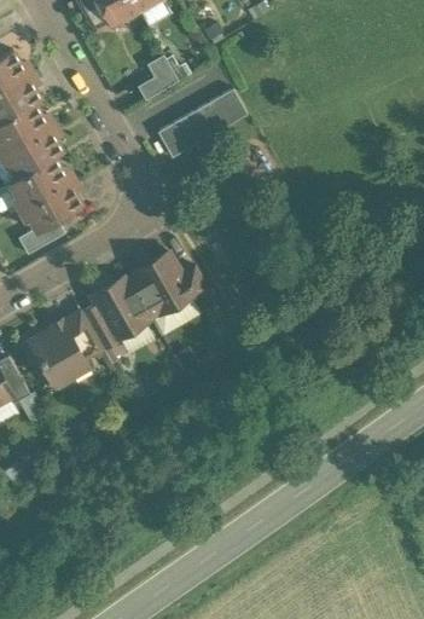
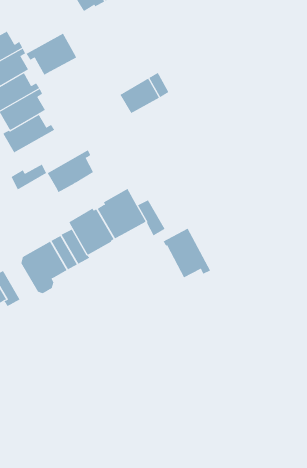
building: none -> [26,33,77,75]
building: [135,56,178,100] -> none
building: [205,89,246,129] -> none
building: [21,178,81,233] -> [47,150,94,193]
building: none -> [163,228,211,278]

